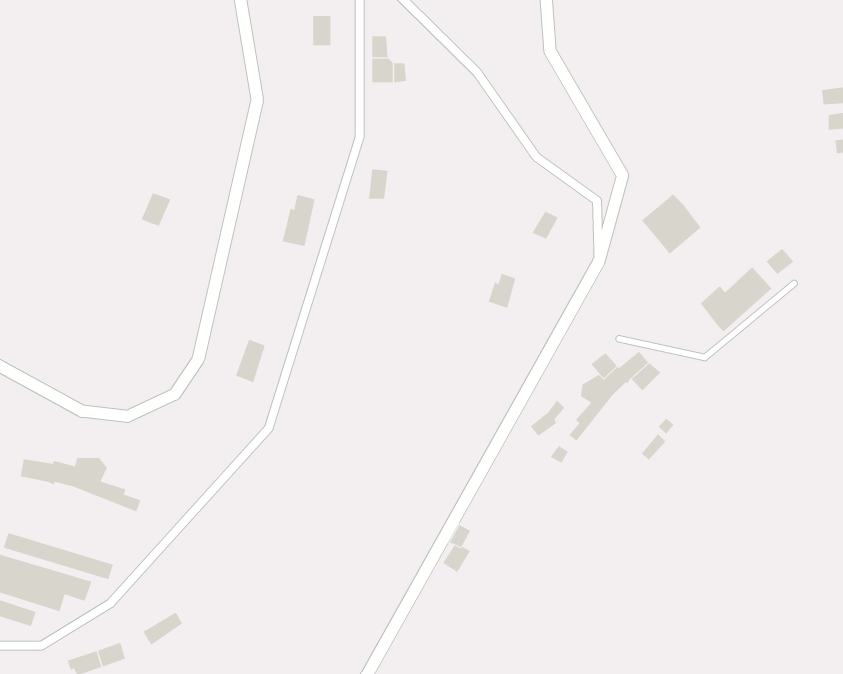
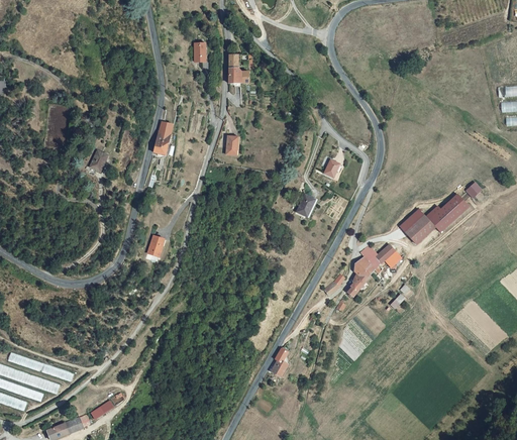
building: [641,194,702,254] -> [399,209,435,245]
building: [282,194,315,246] -> [152,124,173,155]
building: [20,457,141,512] -> none

